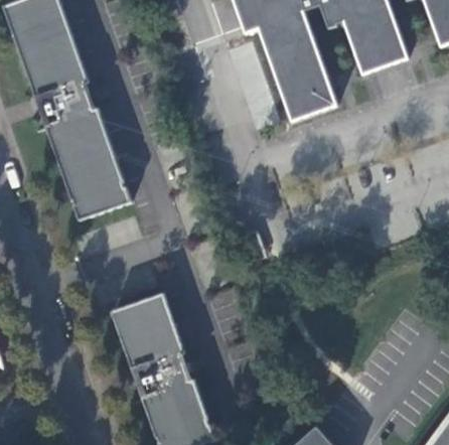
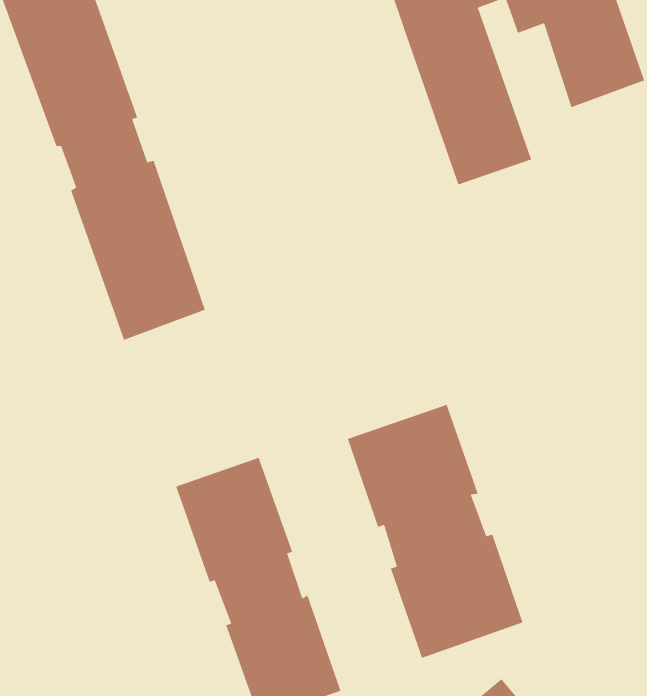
building: none -> [347,404,523,659]

